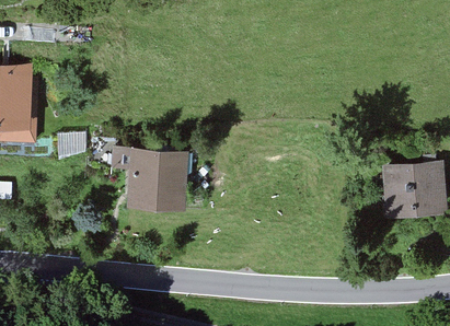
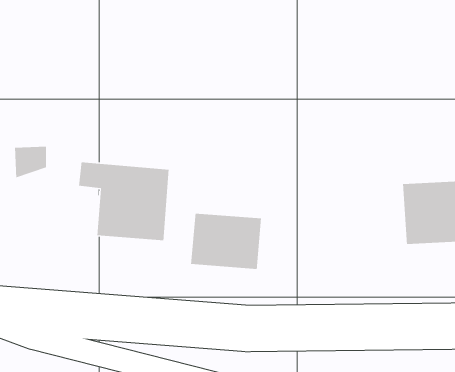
building: none -> [190,213,262,270]

